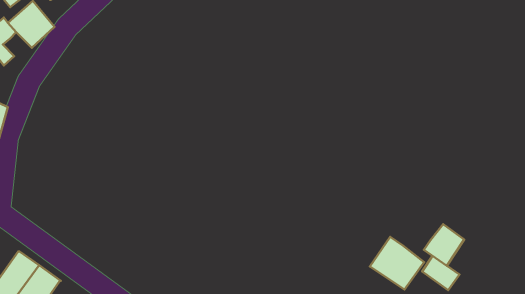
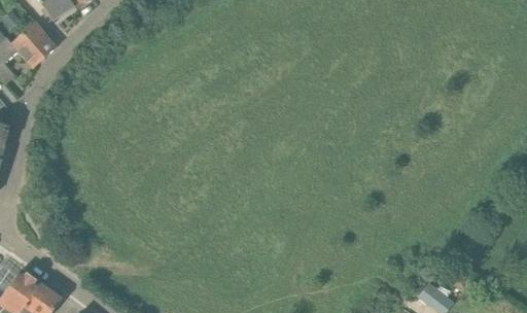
building: [424,224,464,266] -> none
building: [370,237,424,290] -> none

